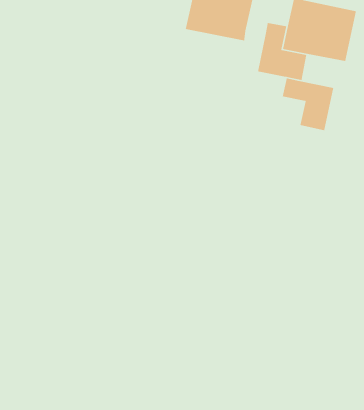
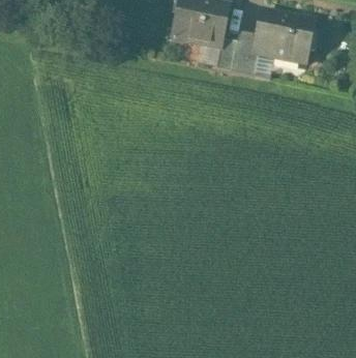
building: none -> [215,36,238,70]
building: [282,78,334,131] -> none

